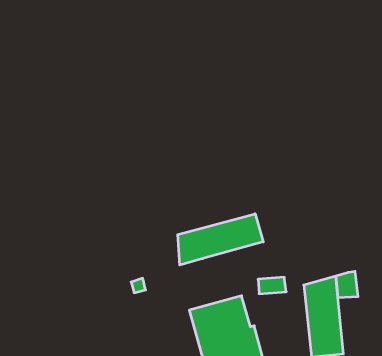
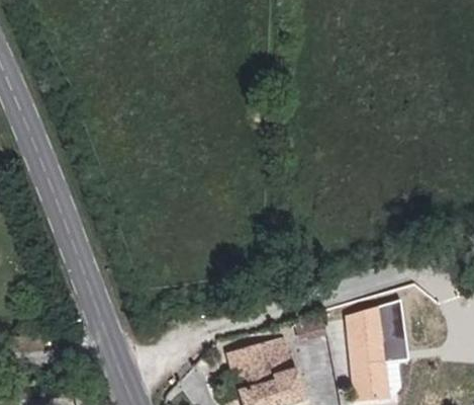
building: [178,214,263,265] -> none

